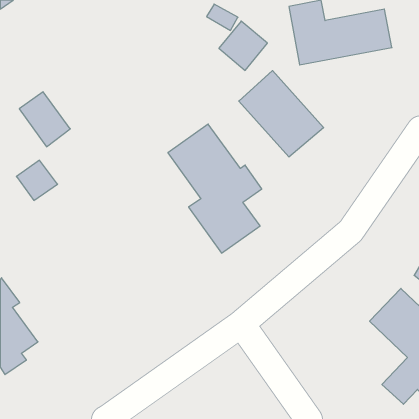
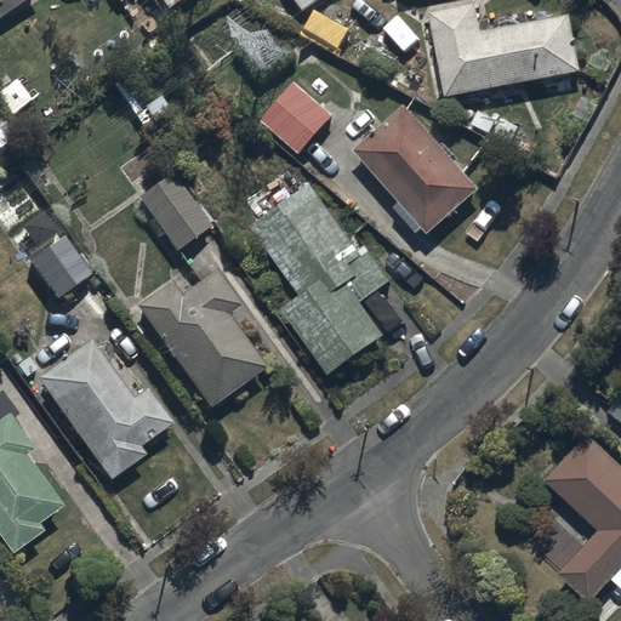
building: [219,21,267,70] -> [260,81,331,154]
building: [19,92,70,147] -> [136,170,211,251]
building: none -> [130,269,263,410]
building: none -> [35,338,170,479]

